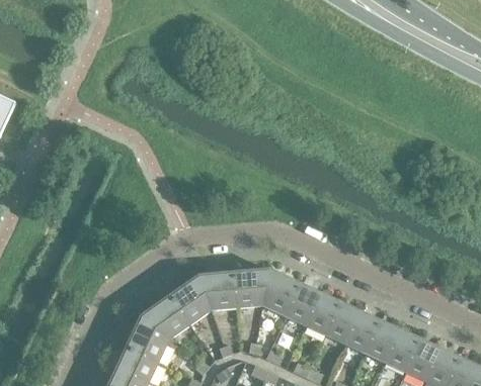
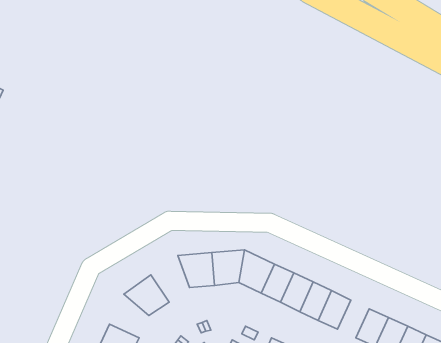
building: [170,276,211,324] -> none
building: [127,316,168,362] -> none
building: [366,322,399,362] -> none

